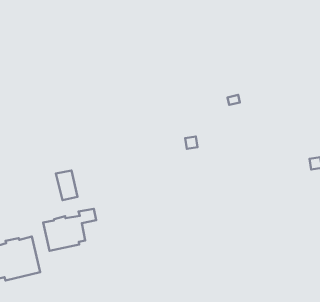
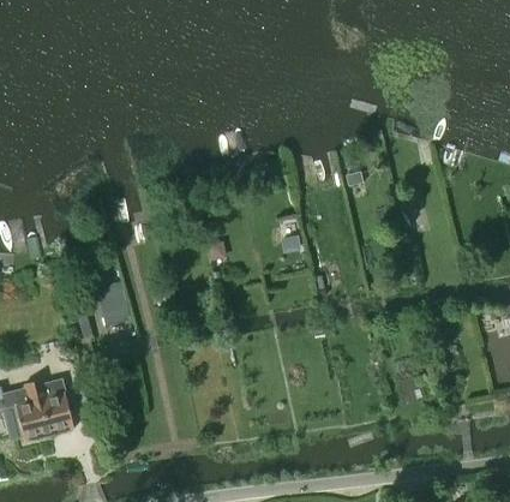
building: [43,209,96,251] -> none

